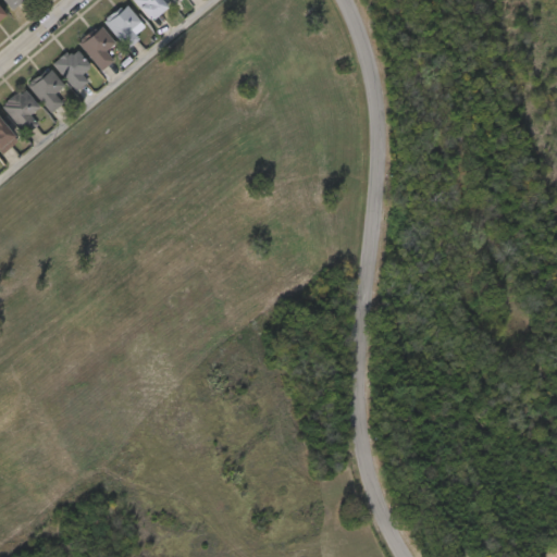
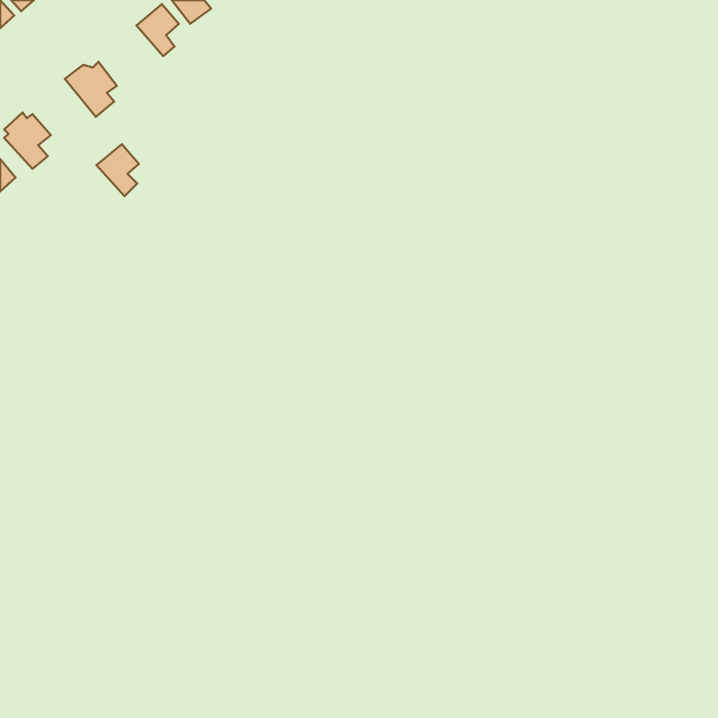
building: [83,27,113,66] -> none
building: [30,70,63,110] -> [97,144,139,196]

